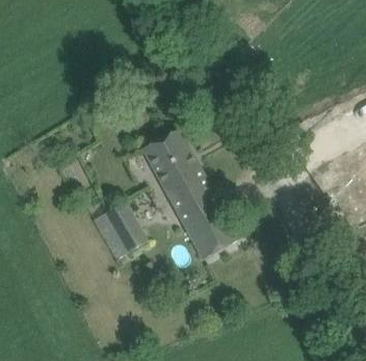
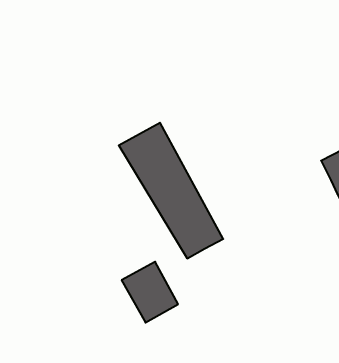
building: [93,201,147,259] -> [122,262,178,323]

